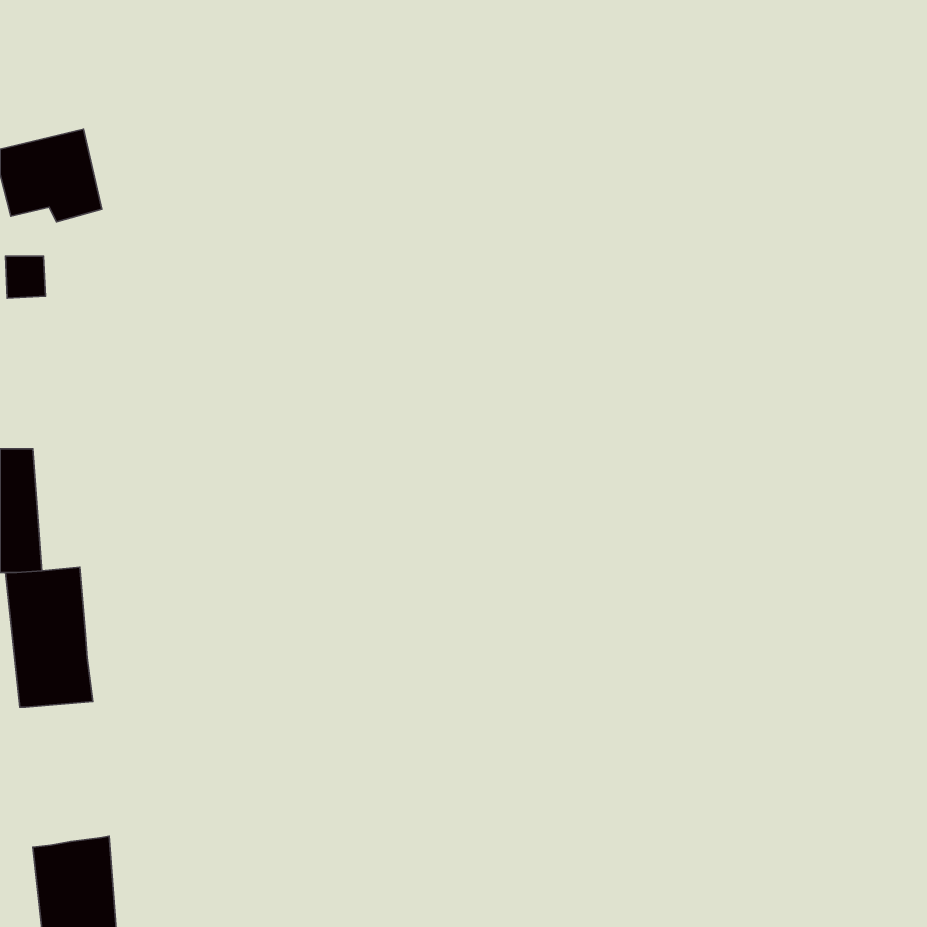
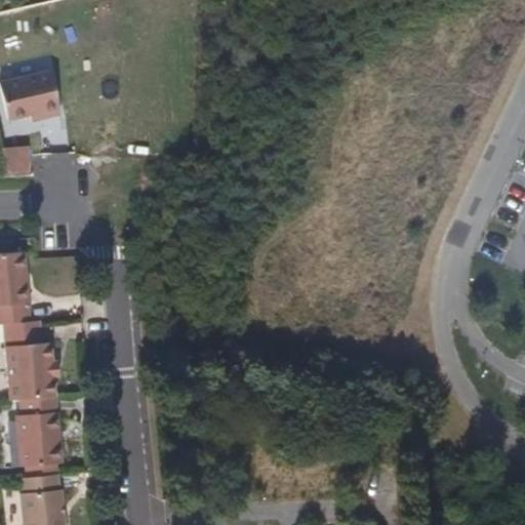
building: none -> [15,397,62,478]

